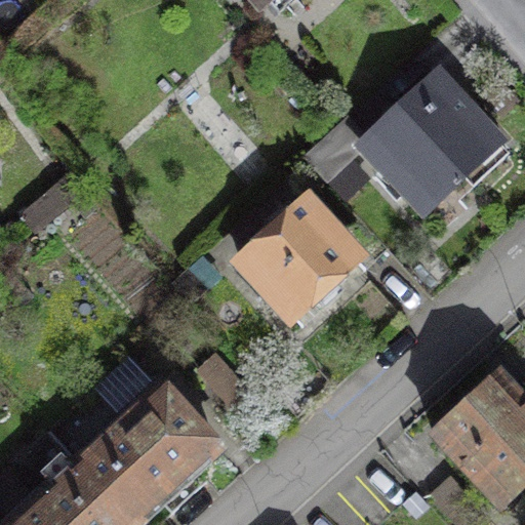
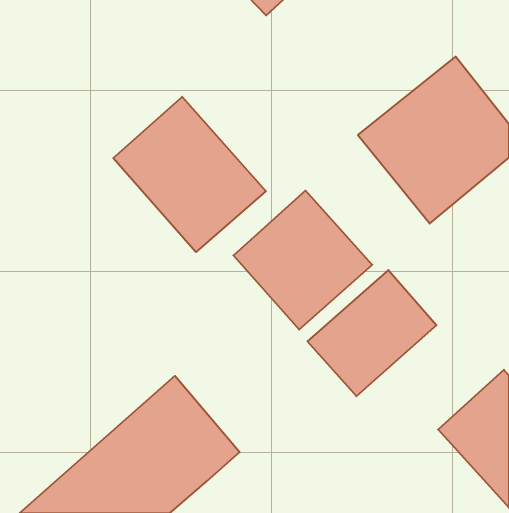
building: none -> [113,97,266,252]
building: none -> [308,270,436,396]

